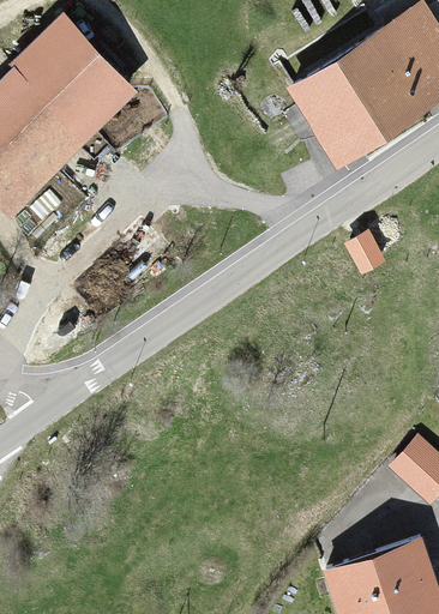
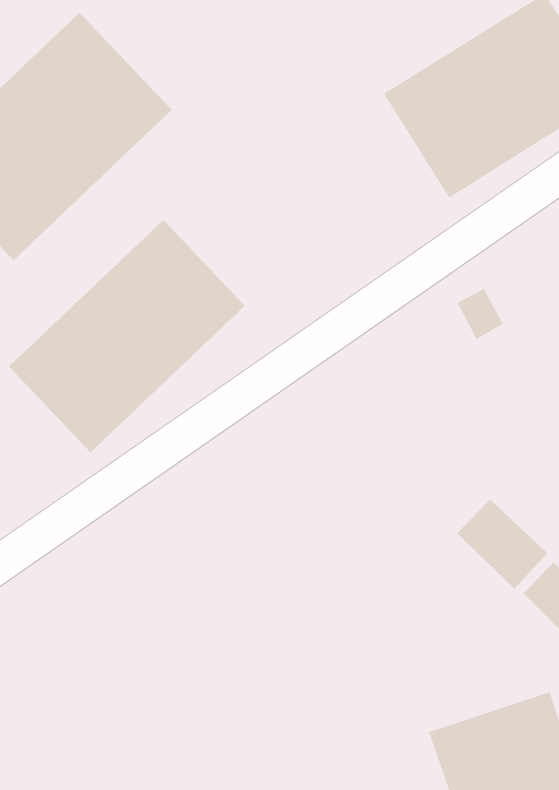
building: none -> [8,219,246,453]
building: none -> [456,499,548,590]

